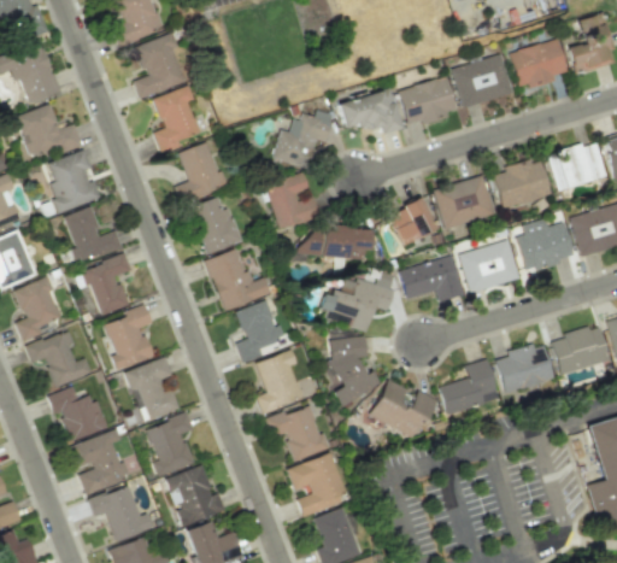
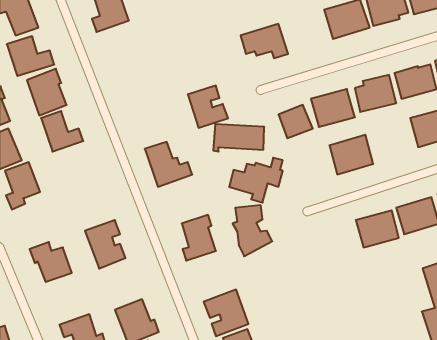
building: [399,76,458,125] -> none
building: [153,87,200,154] -> none
building: [274,111,334,169] -> none
building: [177,145,225,203] -> none
building: [189,197,242,256] -> none
building: [516,219,574,274] -> none
building: [84,256,131,316] -> none
building: [400,258,462,301] -> none
building: [236,300,283,363] -> none
building: [105,307,153,370] -> none
building: [27,330,92,387] -> none
building: [440,359,500,416] -> none
building: [370,381,437,438] -> none
building: [268,405,328,462] -> none
building: [147,415,194,476] -> none
building: [70,429,131,494] -> none

